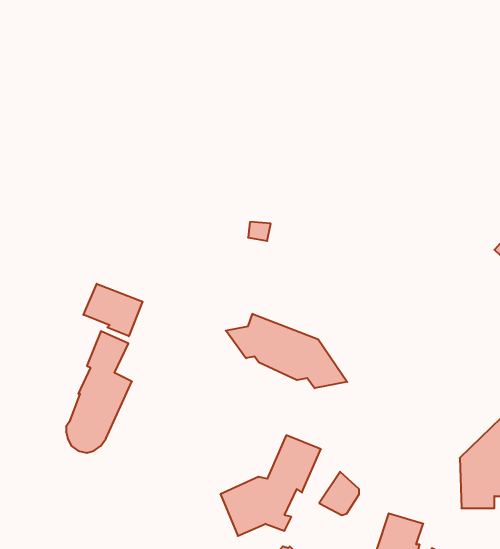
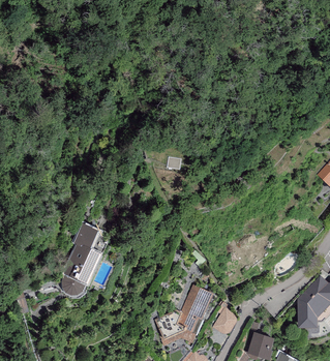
building: [83,284,143,336] -> none
building: [226,314,347,388] -> none

